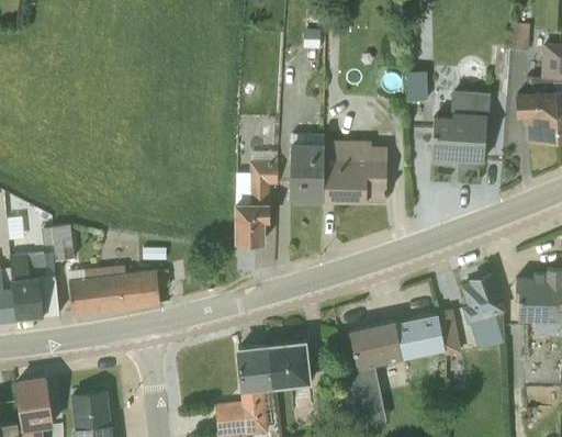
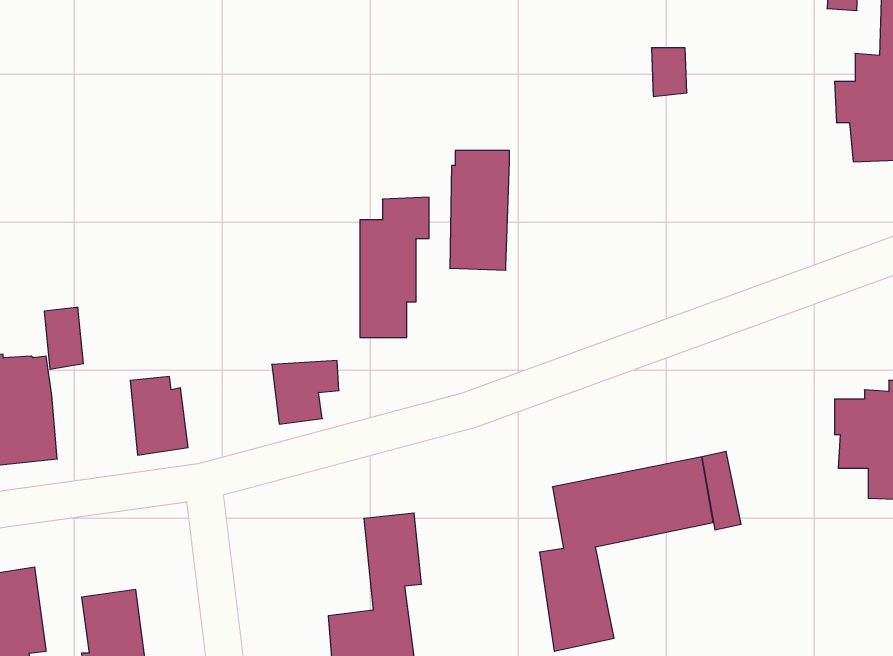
building: [430,91,490,166] -> none
building: [322,141,386,203] -> none
building: [68,269,105,316] -> none
building: [131,271,170,309] -> [272,361,339,424]
building: [461,276,504,349] -> none
building: [268,343,312,389] -> none

